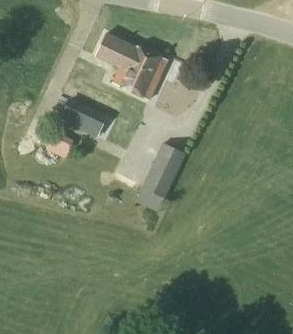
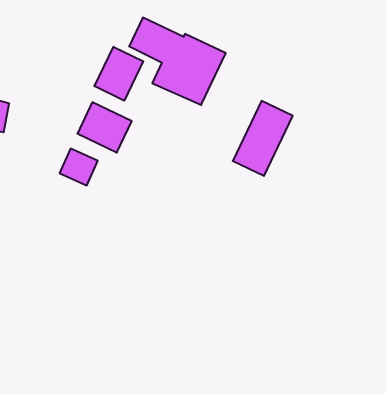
building: none -> [94,47,143,101]
building: [142,143,186,198] -> [233,101,293,176]

